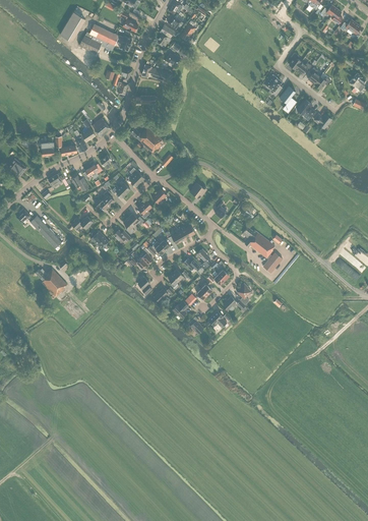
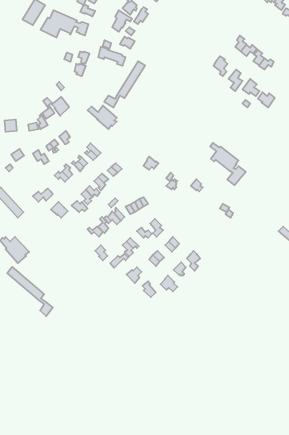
building: none -> [104,61,145,108]
building: [244,226,283,272] -> [210,143,246,185]
building: none -> [7,267,53,316]

